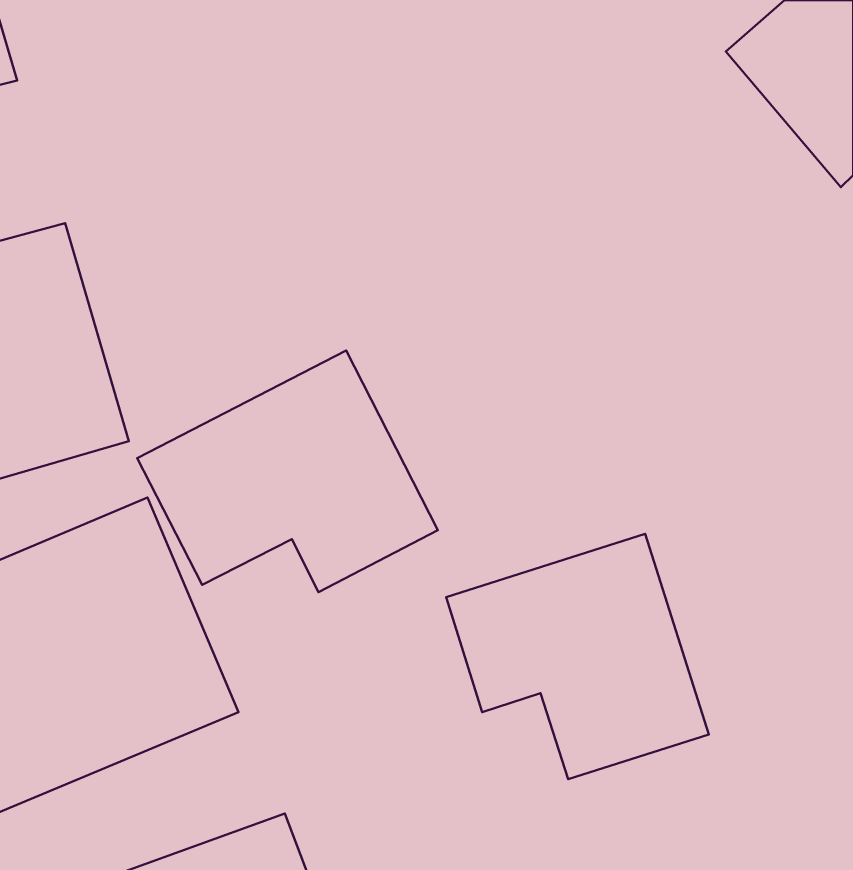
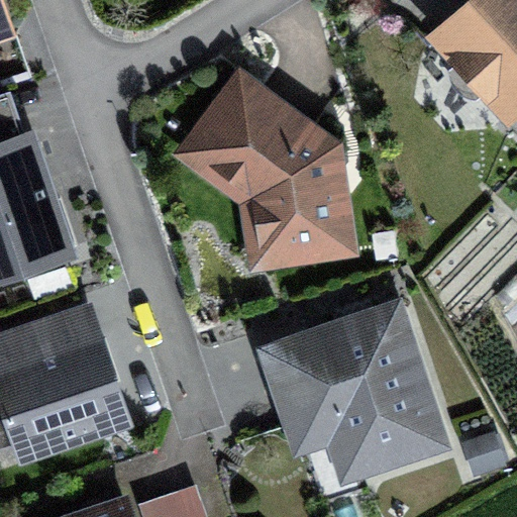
building: none -> [188,86,325,249]
building: [137,351,438,592] -> none

